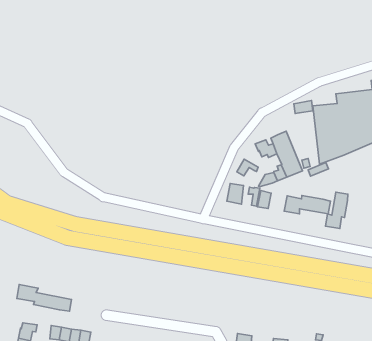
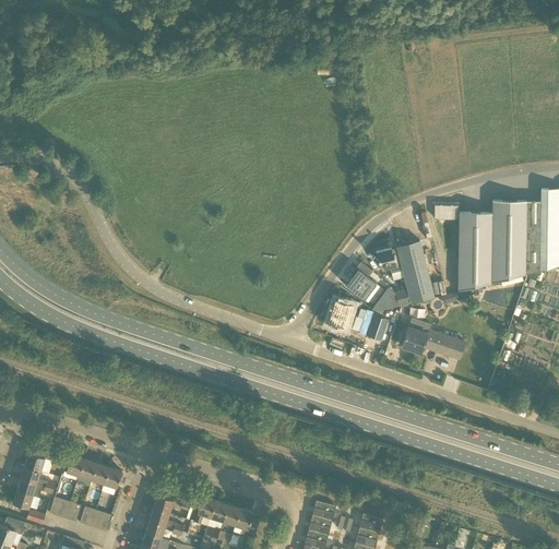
building: [325,192,348,228] -> none
building: [17,285,72,311] -> none

